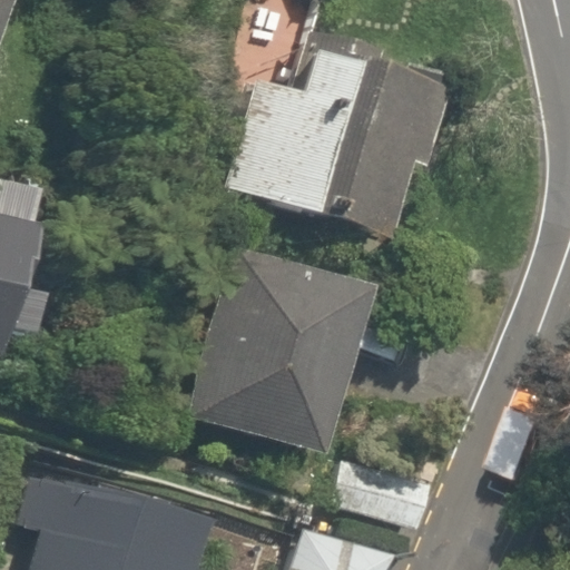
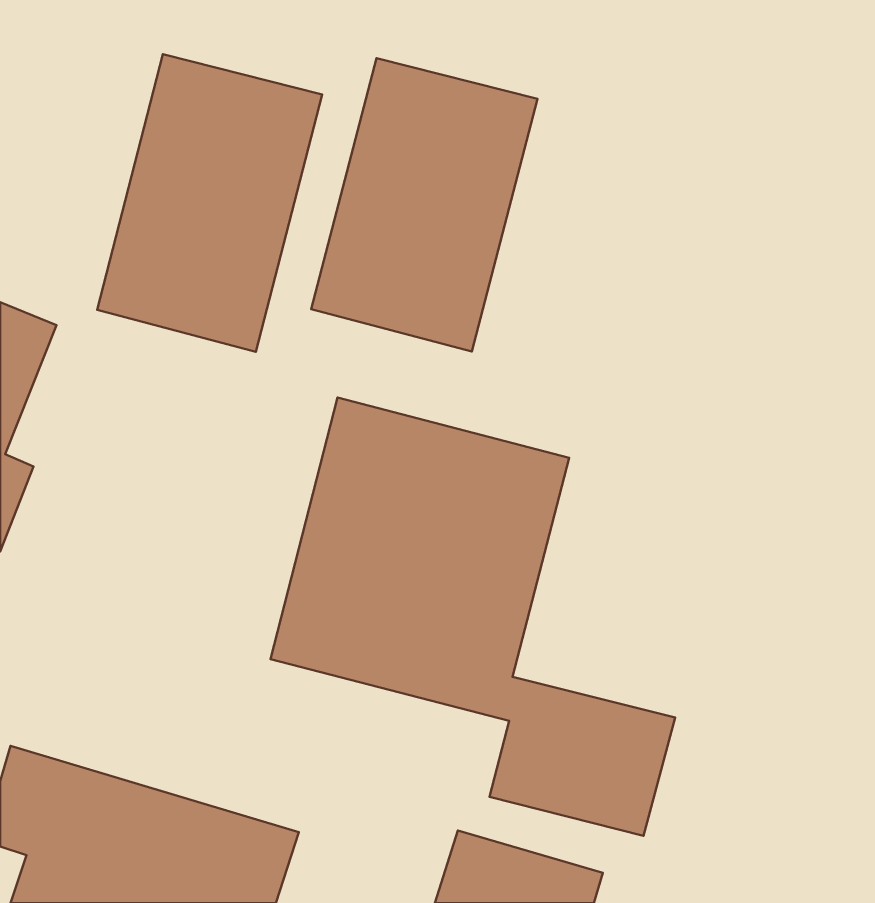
building: none -> [97,54,322,352]
building: [315,62,439,243] -> none

